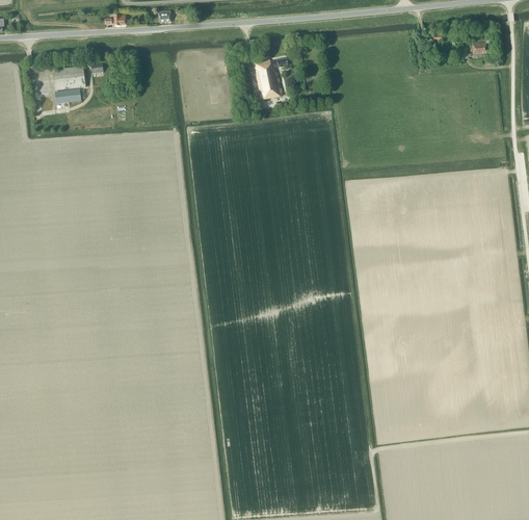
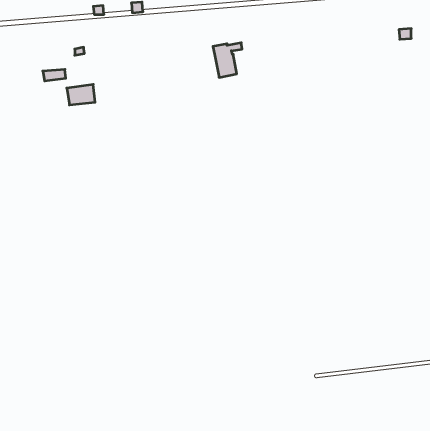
building: [51,67,84,90] -> [67,84,95,105]

